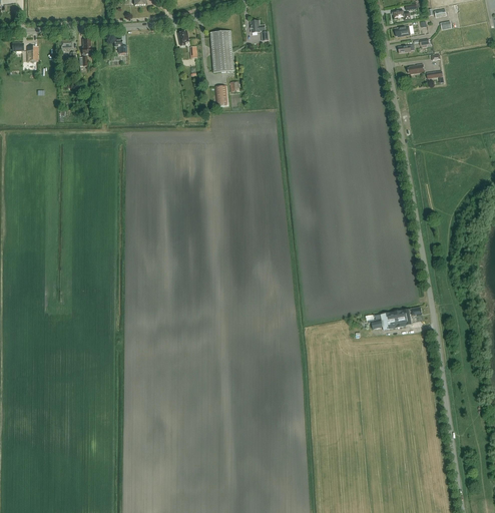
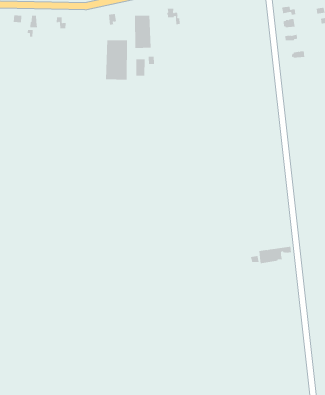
building: none -> [105,40,128,81]

